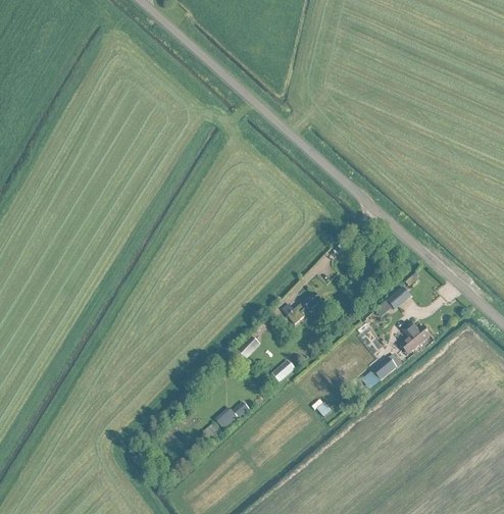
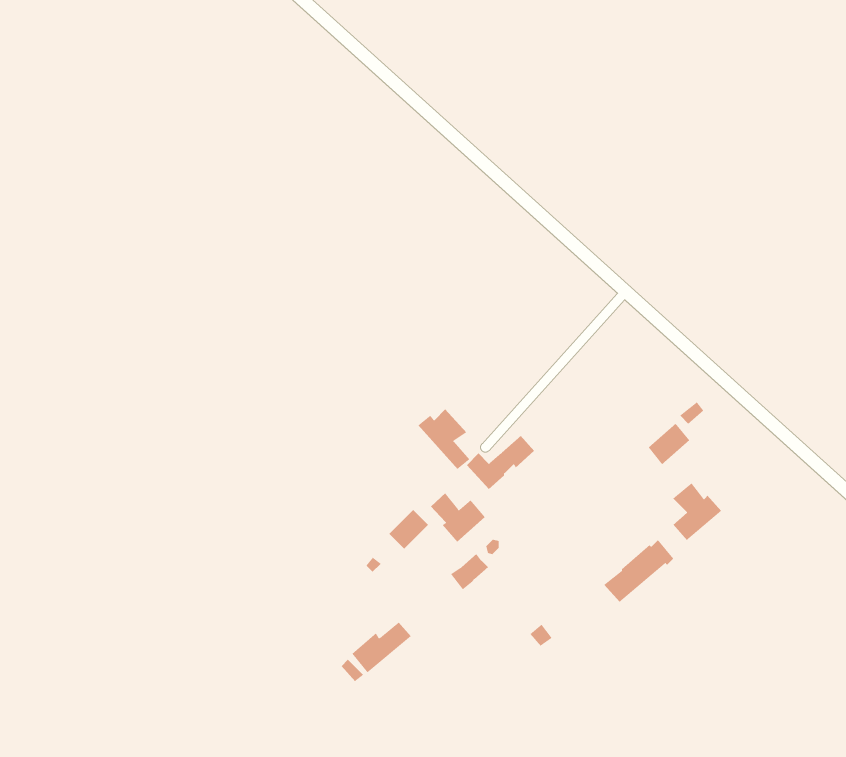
building: none -> [418,409,470,470]
building: none -> [430,492,486,543]

